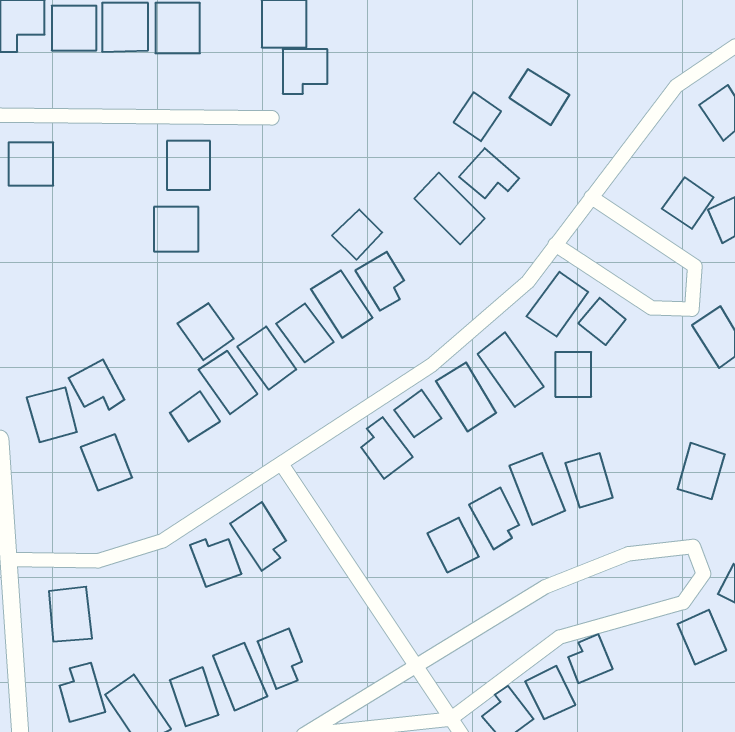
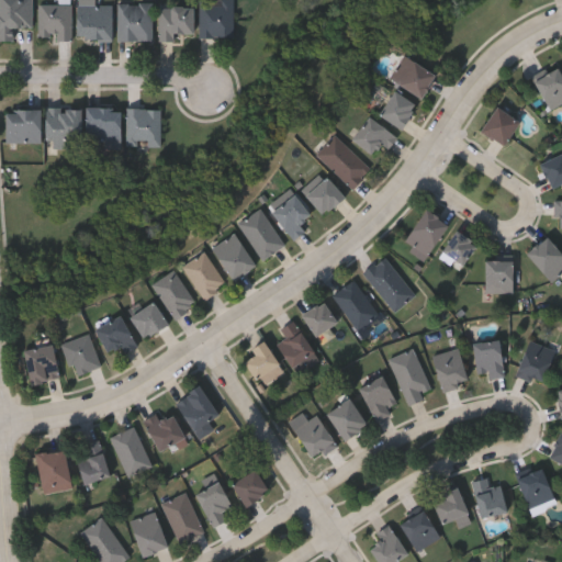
building: [283,49,327,94] -> [159,9,193,43]
building: [454,92,501,141] -> [379,90,415,127]
building: none -> [47,110,81,149]
building: [662,177,714,229] -> [480,105,519,145]
building: [154,207,198,251] -> [87,109,121,143]
building: [332,209,382,260] -> [304,177,342,215]
building: [177,303,234,360] -> none
building: [555,352,591,397] -> [485,260,513,294]
building: [68,359,125,410] -> [94,315,137,353]
building: [27,387,77,442] -> [21,344,59,385]
building: none -> [473,339,504,379]
building: none -> [244,340,279,379]
building: none -> [289,413,336,459]
building: none -> [111,426,153,476]
building: none -> [231,469,268,506]
building: none -> [474,479,506,516]
building: [59,663,105,722] -> [76,439,111,484]

